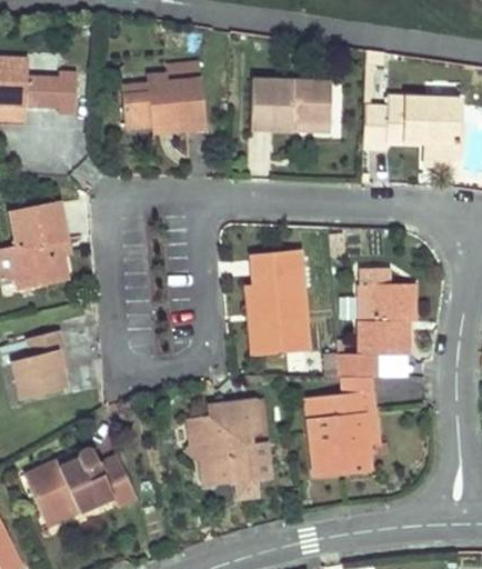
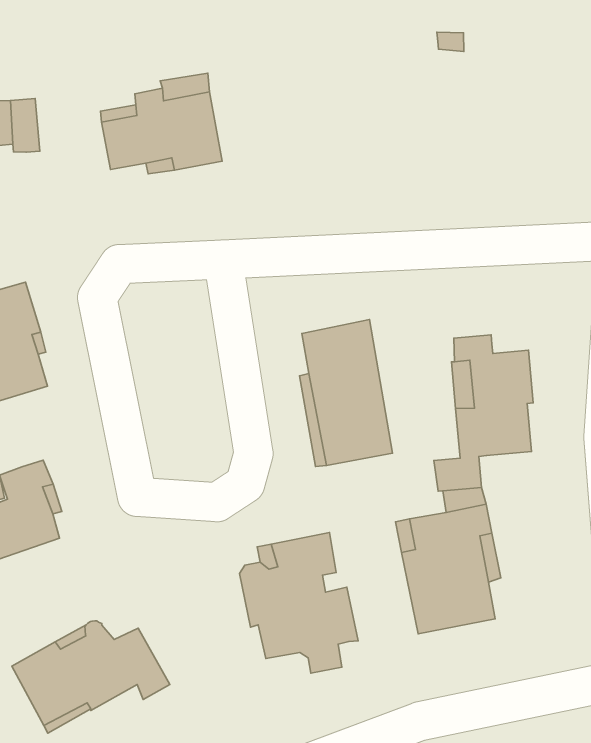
building: [250,80,332,132] -> none
building: [362,98,460,167] -> none

